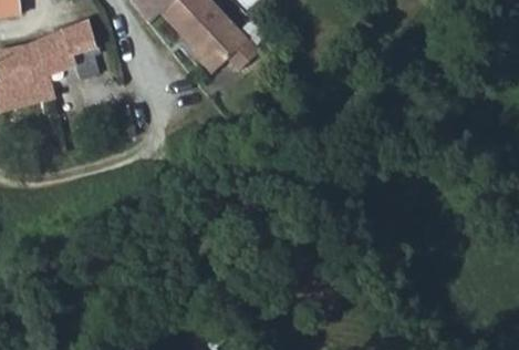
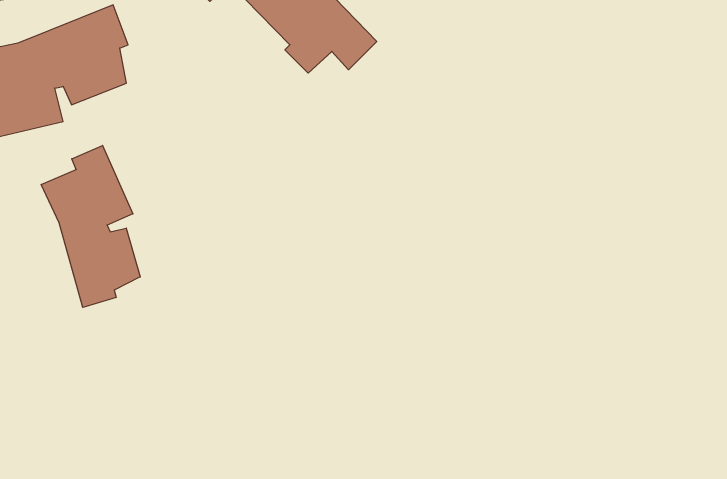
building: none -> [41,145,140,307]

